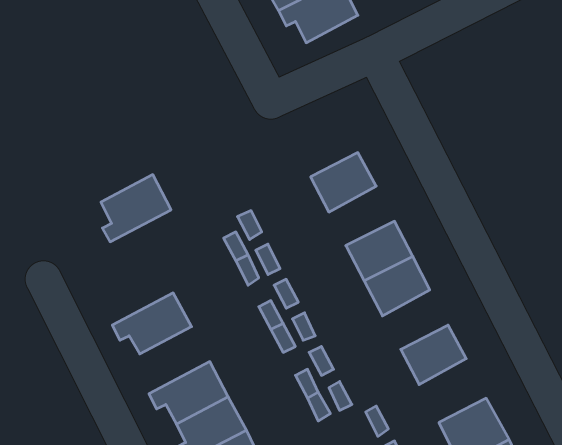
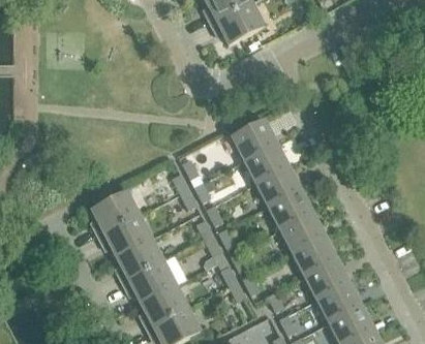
building: [101,175,171,242] -> [91,190,139,236]
building: none -> [244,142,289,182]
building: none -> [280,212,325,252]
building: none -> [116,237,163,282]
building: none -> [305,258,351,302]

